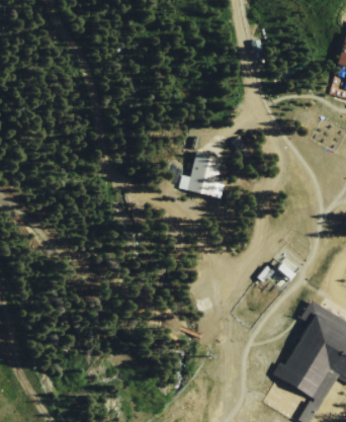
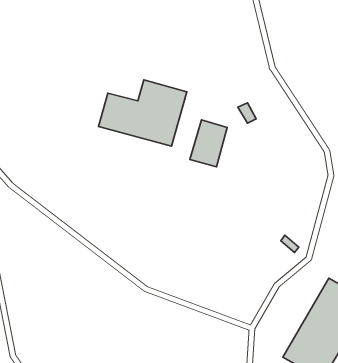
building: none -> [98,80,187,146]

